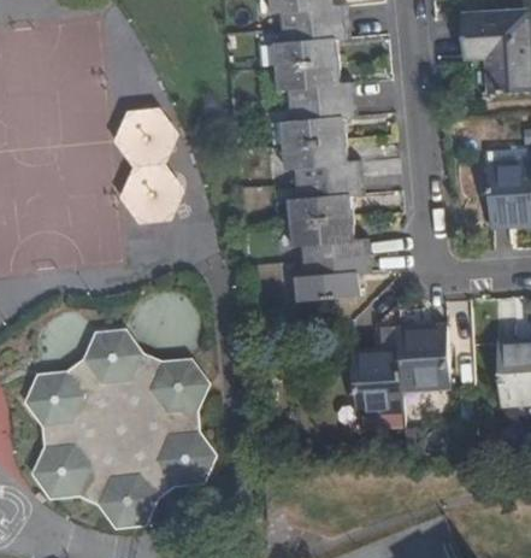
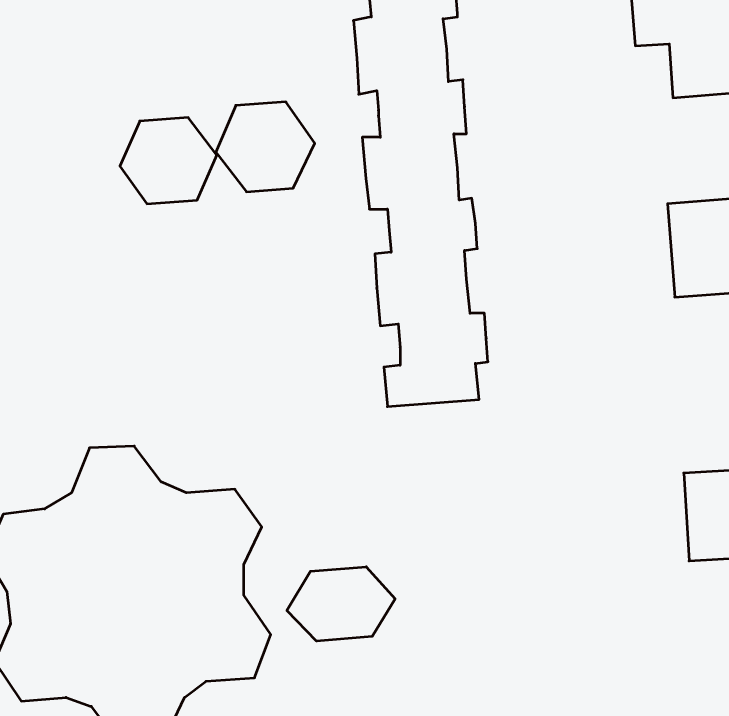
building: [122,163,188,223] -> [216,102,315,192]
building: [352,323,448,415] -> none
building: none -> [287,567,395,641]

